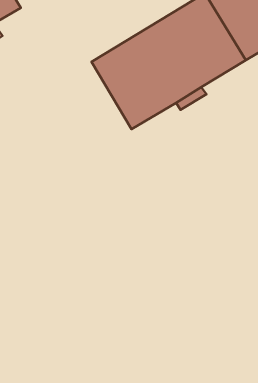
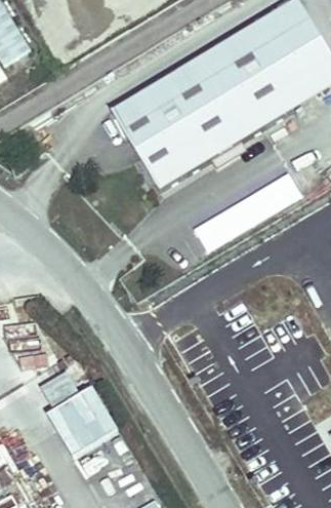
building: none -> [46,385,116,455]

